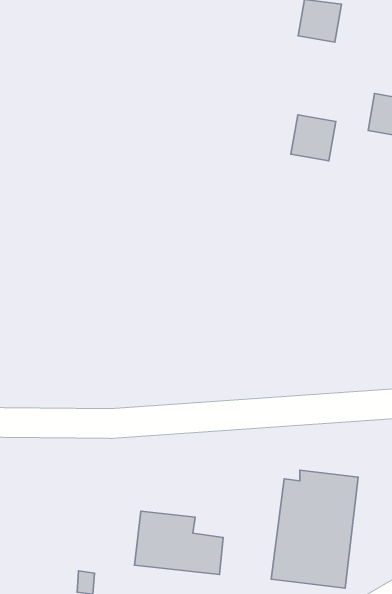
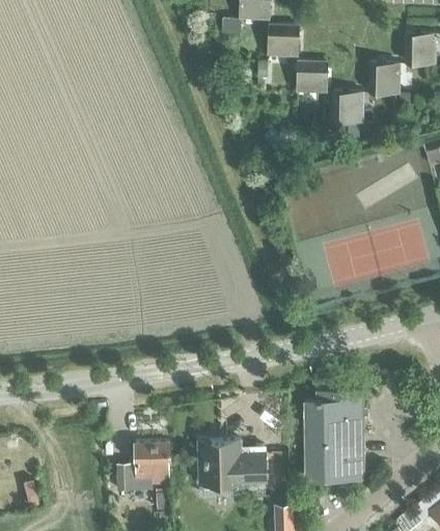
building: [291,115,336,161] -> [295,63,326,95]
building: none -> [116,443,169,491]

